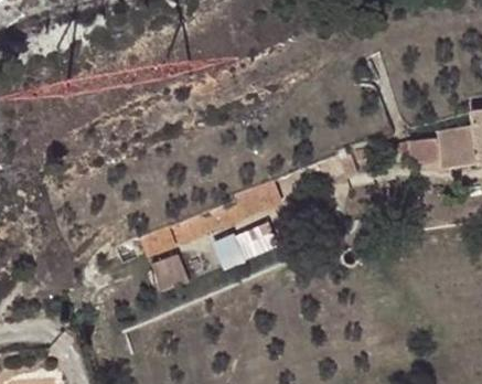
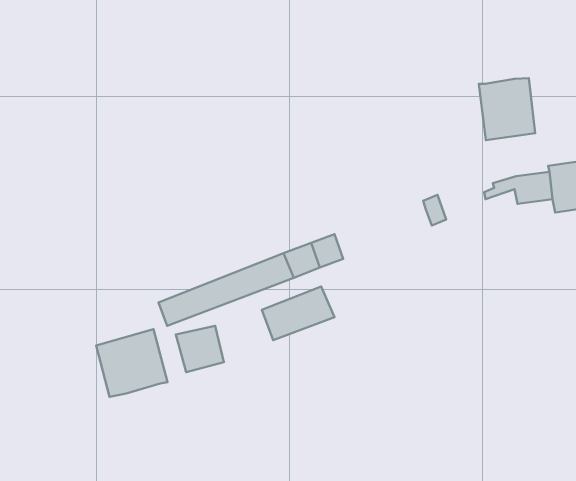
building: none -> [479,78,535,140]
building: none -> [96,329,168,397]

